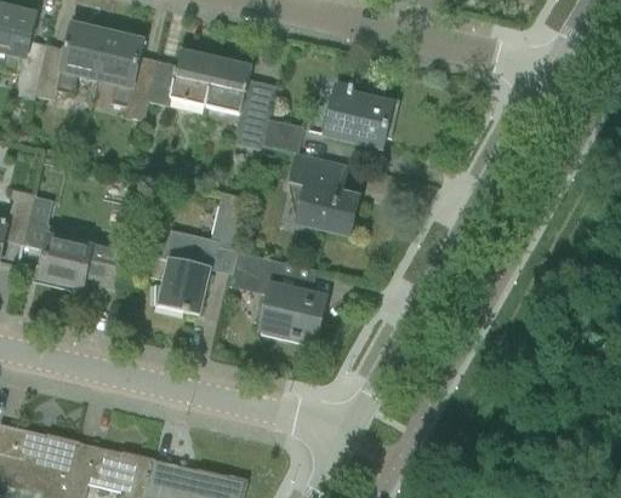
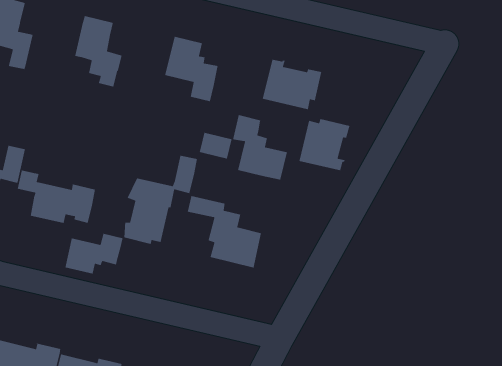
building: [34,23,106,98] -> none
building: [148,47,216,104] -> none
building: [260,116,301,150] -> [199,132,233,160]
building: none -> [299,118,351,171]
building: none -> [64,233,124,274]

